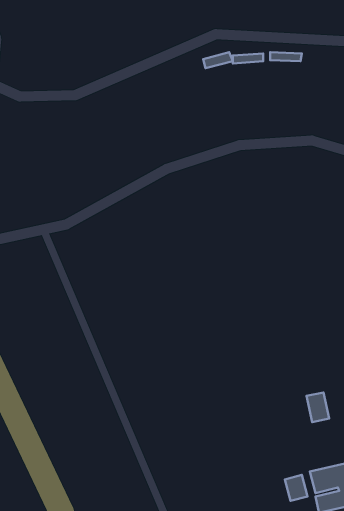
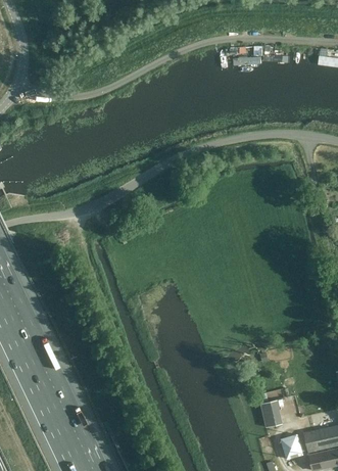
building: [307,393,329,422] -> [260,401,281,427]

